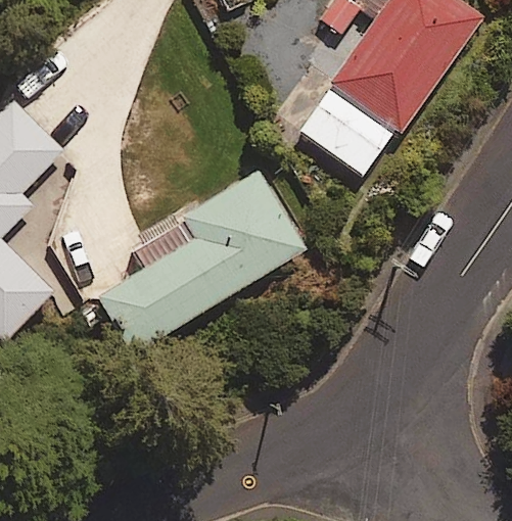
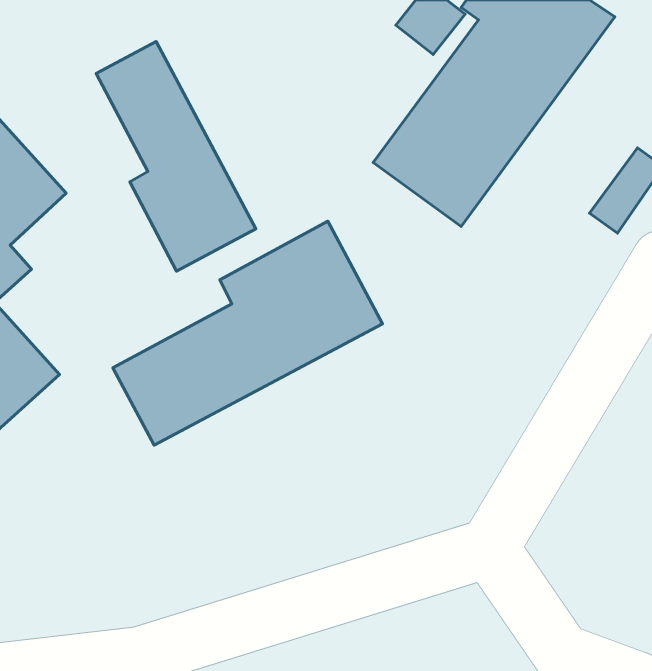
building: none -> [96,42,256,271]

